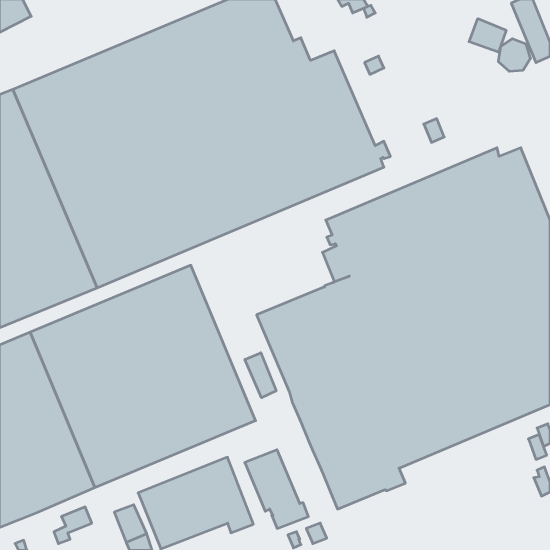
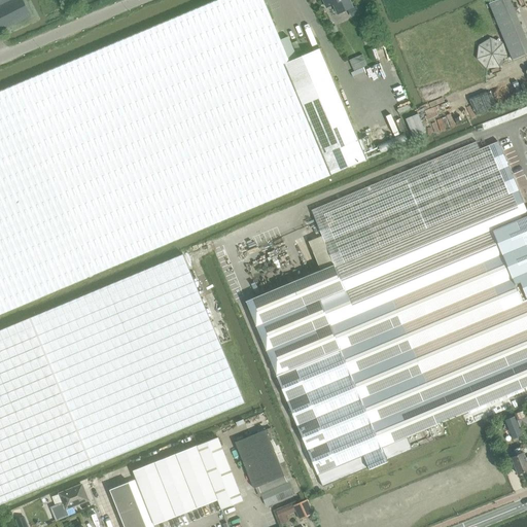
building: [469,19,506,52] -> none
building: [245,353,276,398] -> none

